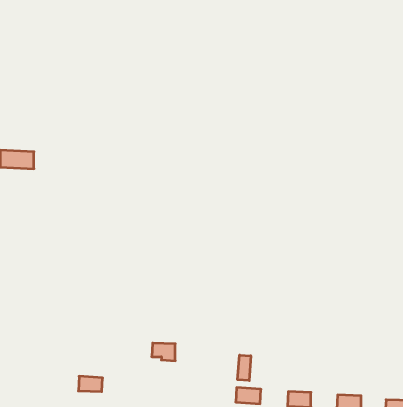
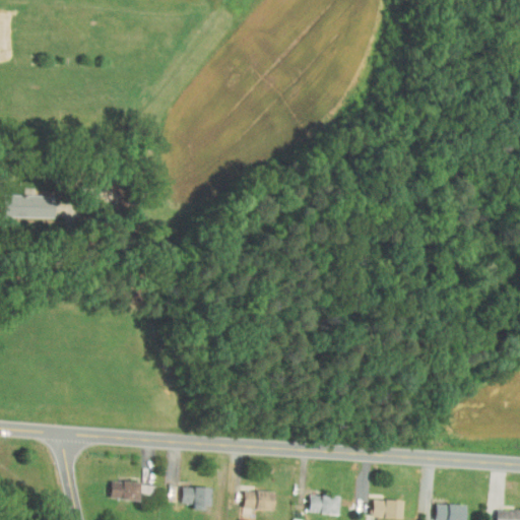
building: [152,343,175,361] -> [182,486,211,509]
building: [238,355,251,381] -> none
building: none -> [244,491,275,510]

